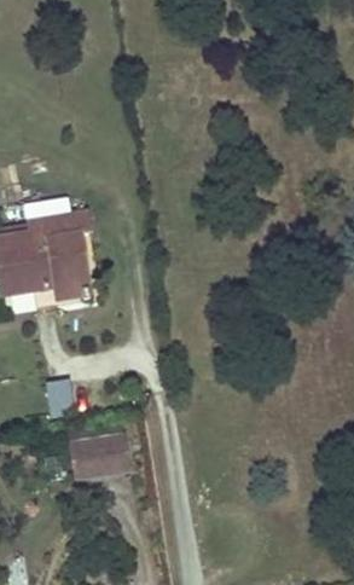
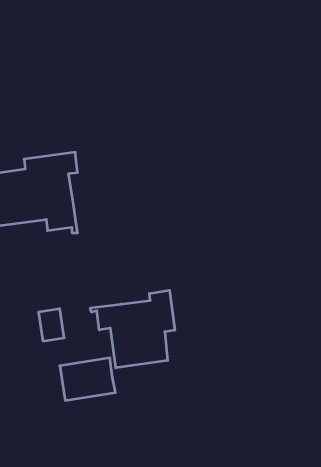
building: none -> [90,290,175,368]

